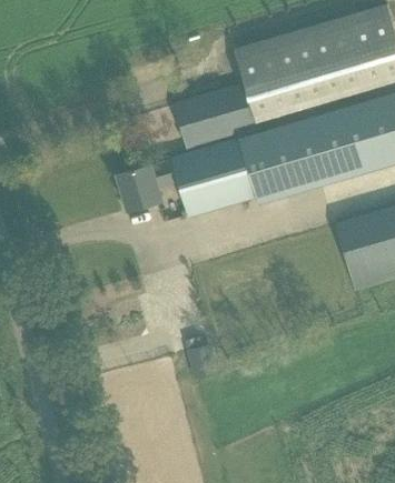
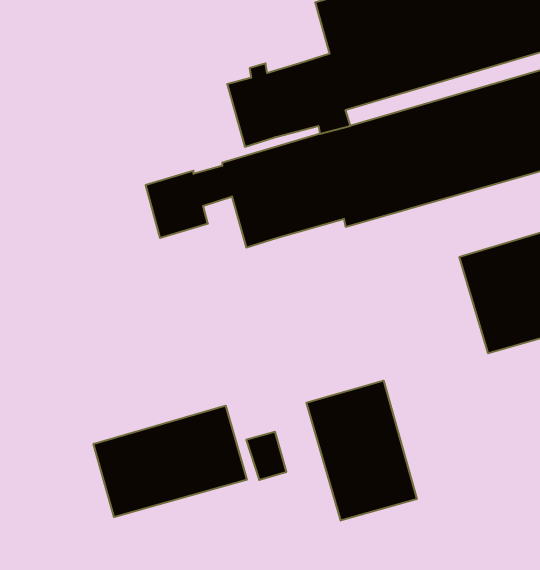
building: none -> [306,381,417,521]
building: none -> [94,406,247,517]

